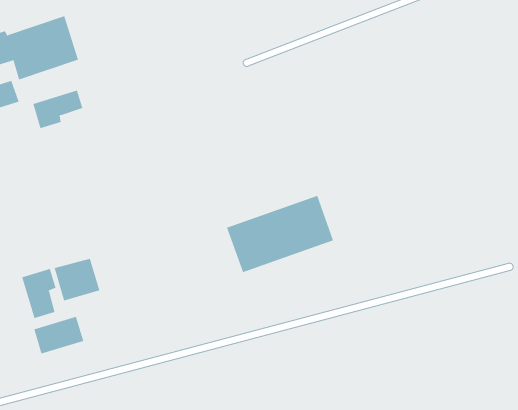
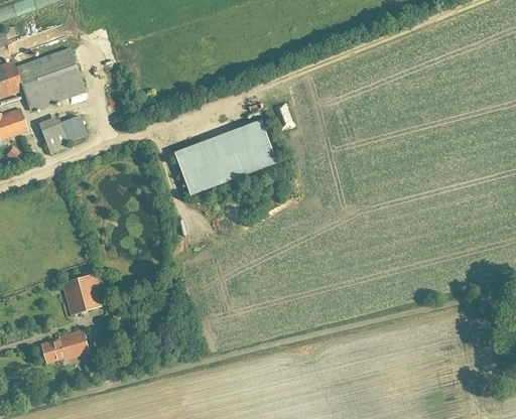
building: [226,195,334,273] -> [174,121,275,193]
building: [22,268,56,319] -> none

